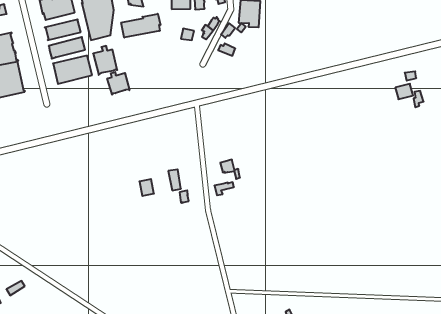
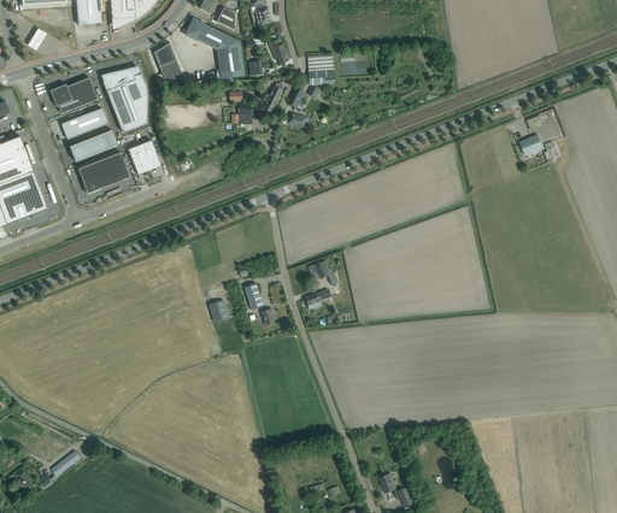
building: [121,14,160,38] -> none
building: [107,72,129,95] -> none

